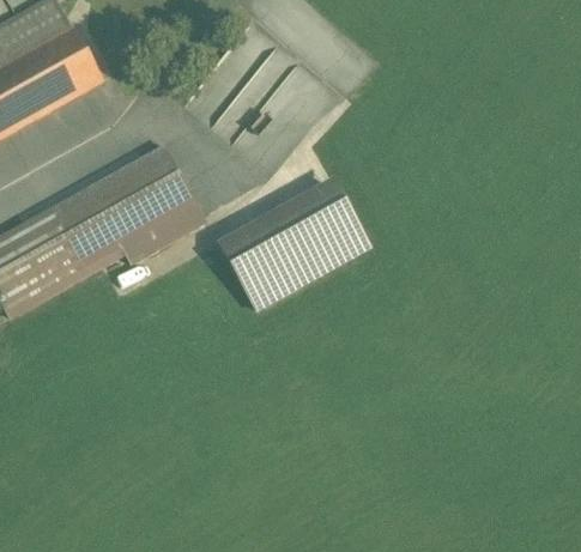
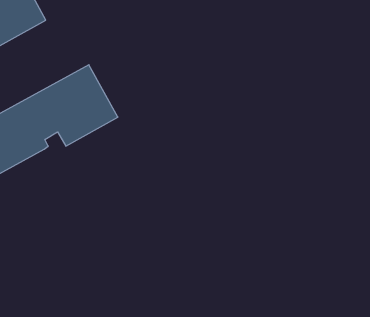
building: [222,187,368,308] -> none

